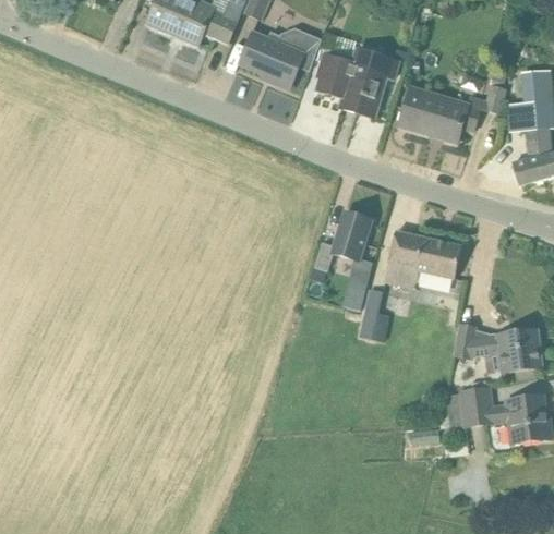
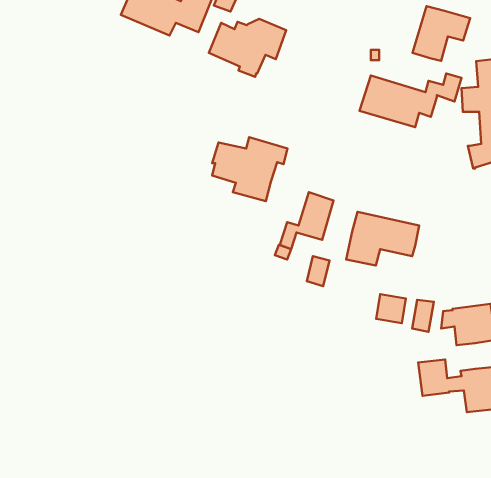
building: none -> [413,6,470,61]
building: [317,49,397,117] -> [212,137,288,201]
building: [358,308,389,339] -> [376,294,406,323]

